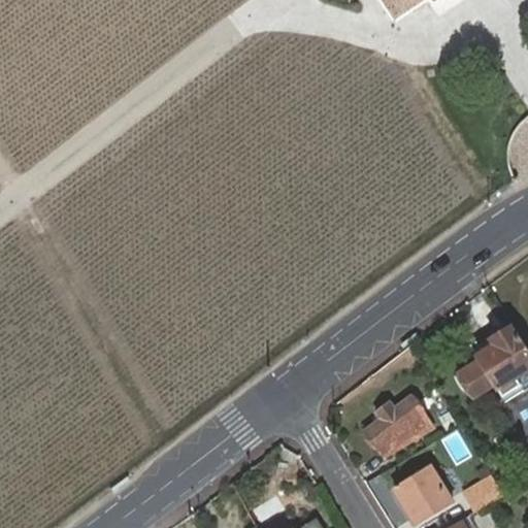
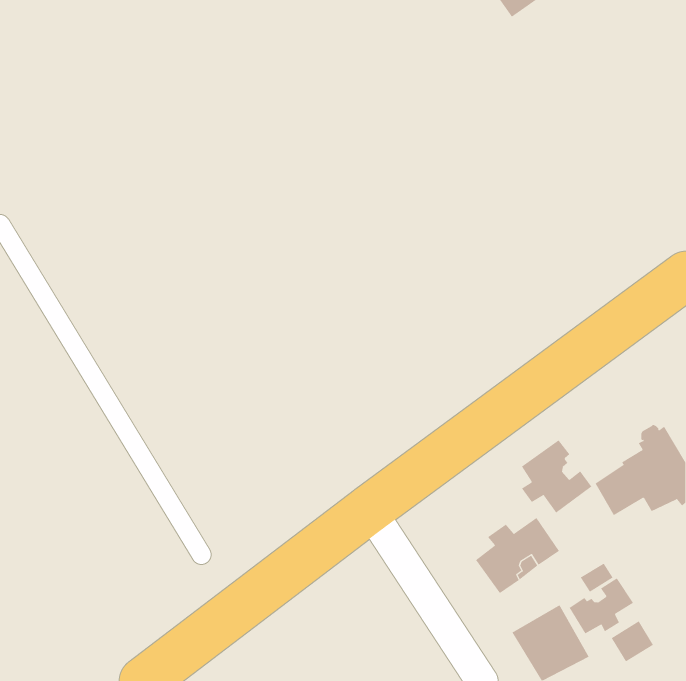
building: none -> [521,440,592,513]
building: none -> [569,577,634,634]

